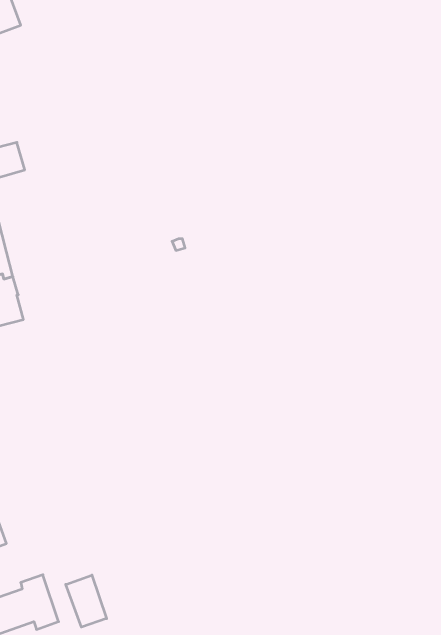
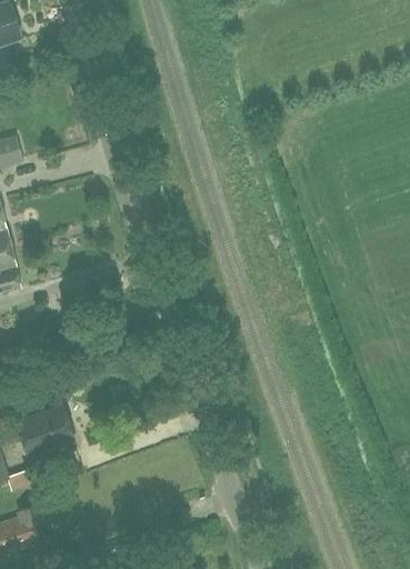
building: none -> [16,406,73,453]
building: [66,575,107,627] -> none

